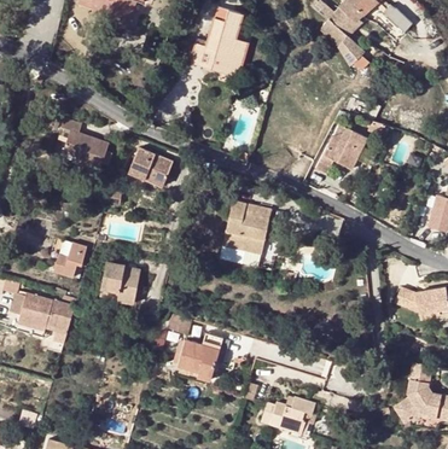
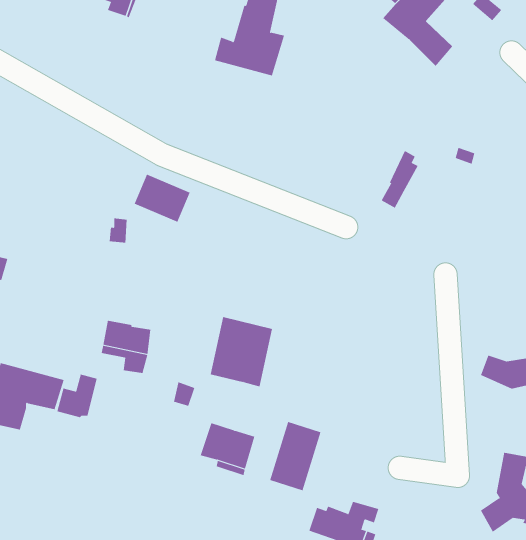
building: [60,119,109,170] -> none
building: [334,124,366,169] -> none
building: [221,202,269,256] -> [210,316,273,387]
building: [54,244,86,278] -> [57,374,98,418]
building: none -> [269,421,321,491]

